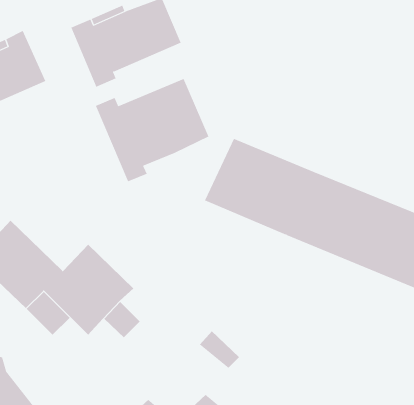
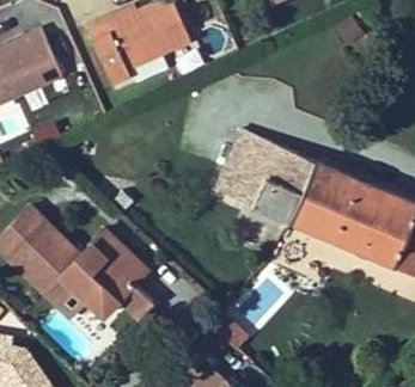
building: [95,78,209,182] -> none

